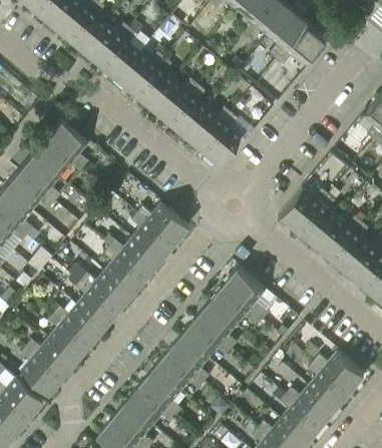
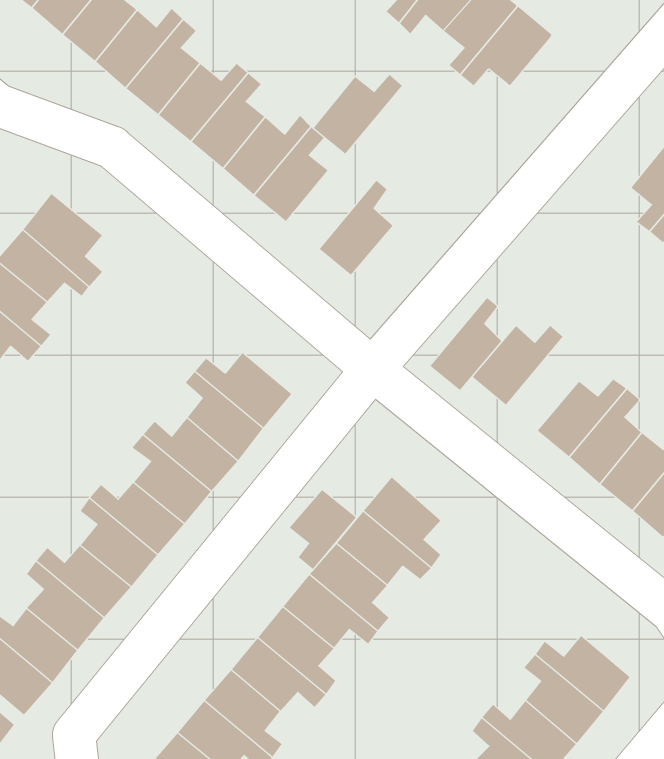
building: [183,108,231,150] -> [313,74,403,155]
building: [299,196,337,246] -> [429,297,502,391]
building: none -> [289,489,357,570]

